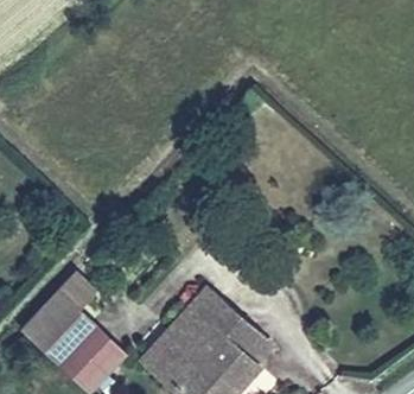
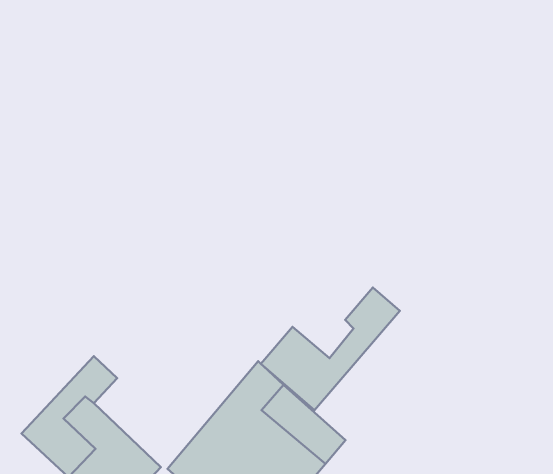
building: none -> [261,287,400,410]

